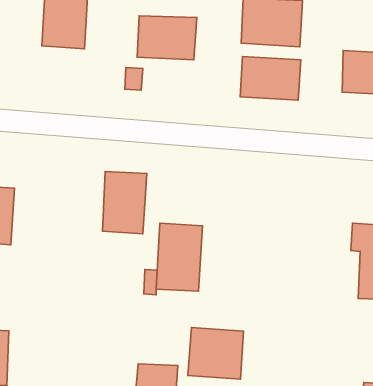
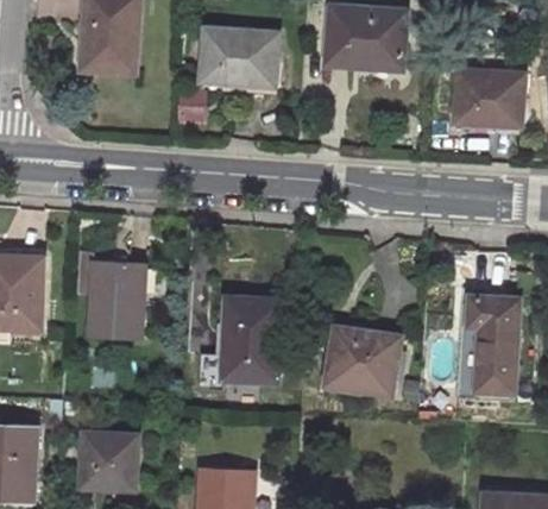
building: [240,56,301,100] -> none
building: [102,172,147,234] -> [89,256,145,334]
building: [188,327,243,379] -> [323,325,393,390]
building: none -> [82,432,136,489]

